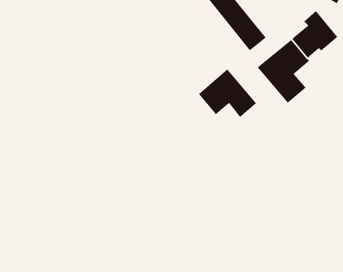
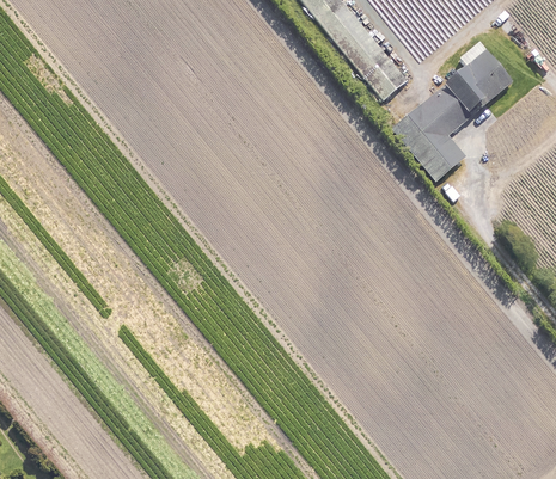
building: [198,68,257,118] -> none

